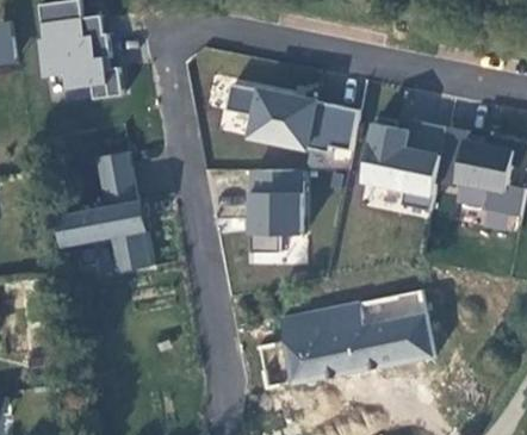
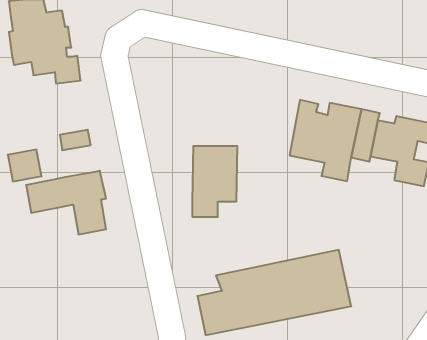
building: [224,85,358,153] -> none
building: [98,169,137,206] -> [8,150,42,181]

